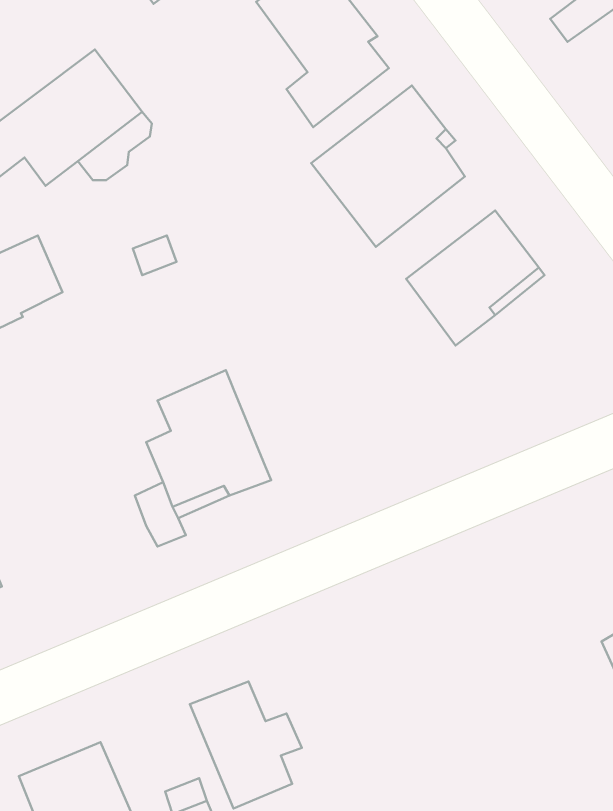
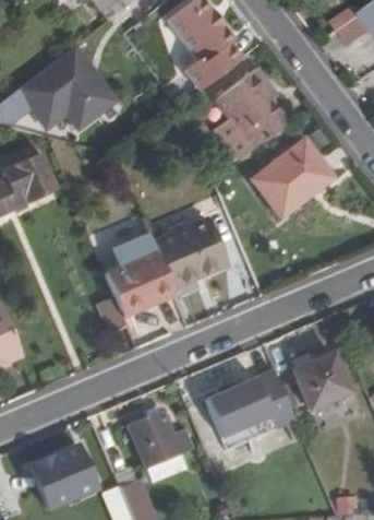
building: none -> [153,221,225,287]
building: none -> [292,354,349,410]
building: none -> [205,369,290,437]

